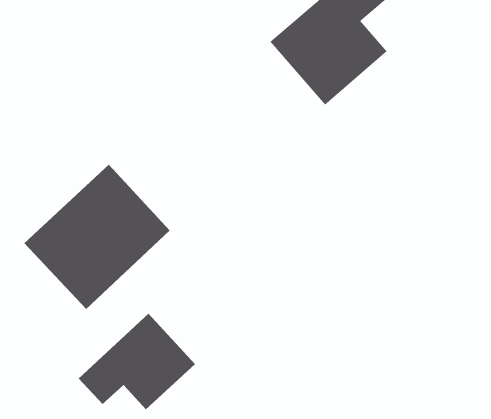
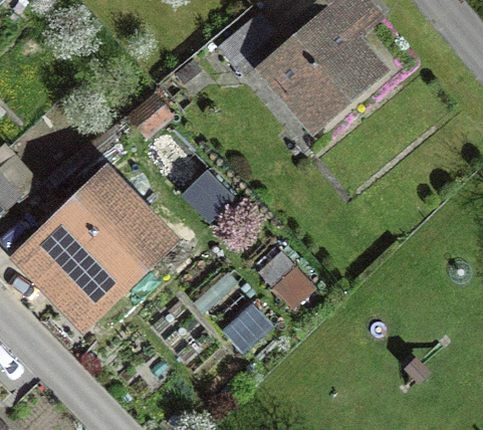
building: [78,313,196,410] -> none

